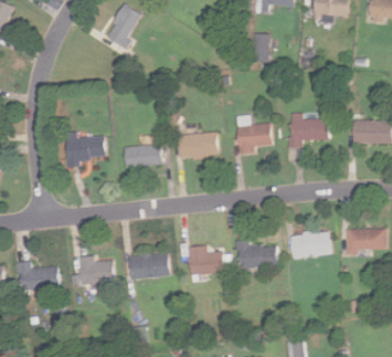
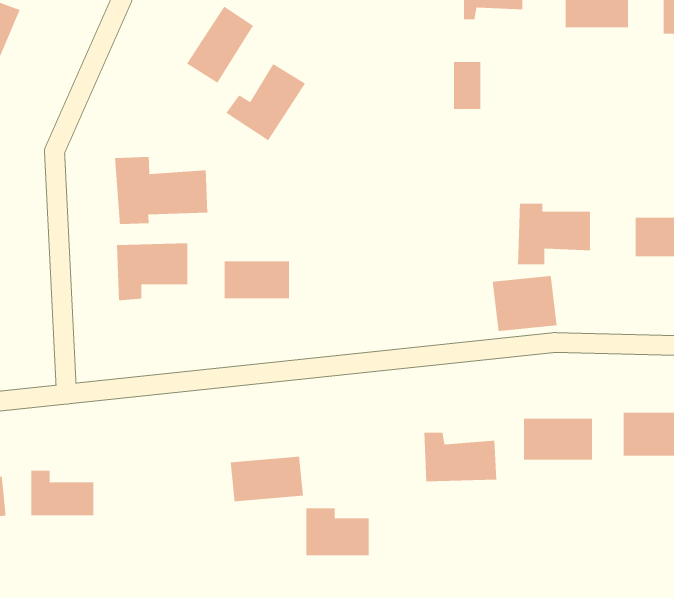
building: none -> [225,63,306,141]
building: none -> [115,156,208,225]
building: [237,123,274,154] -> [492,276,558,331]
building: [178,133,219,159] -> none
building: [189,248,224,274] -> [306,508,369,556]
building: [81,256,114,284] -> none

